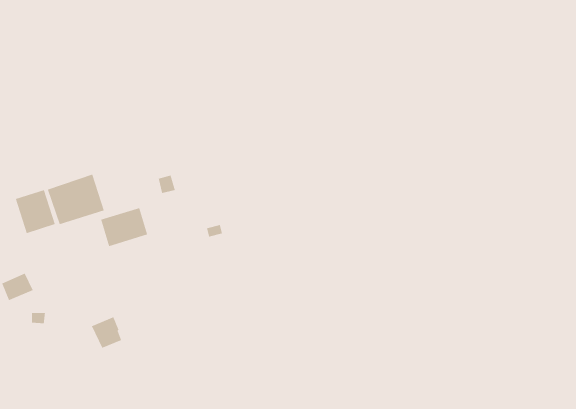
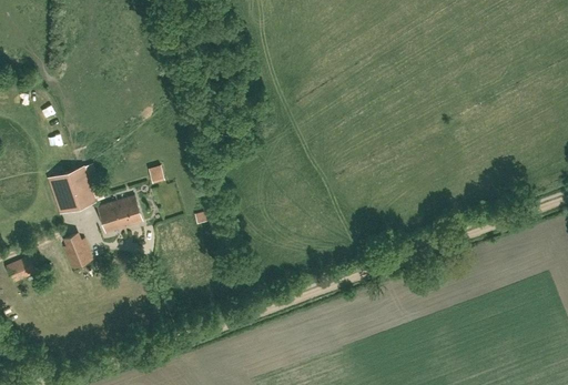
building: [15,189,56,234] -> none
building: [91,316,122,349] -> [62,237,91,267]

